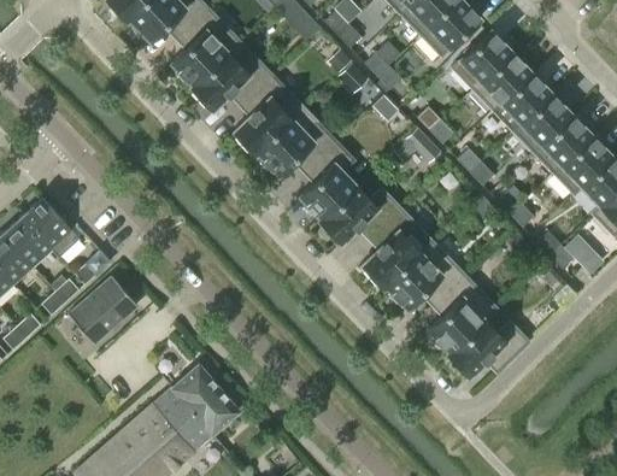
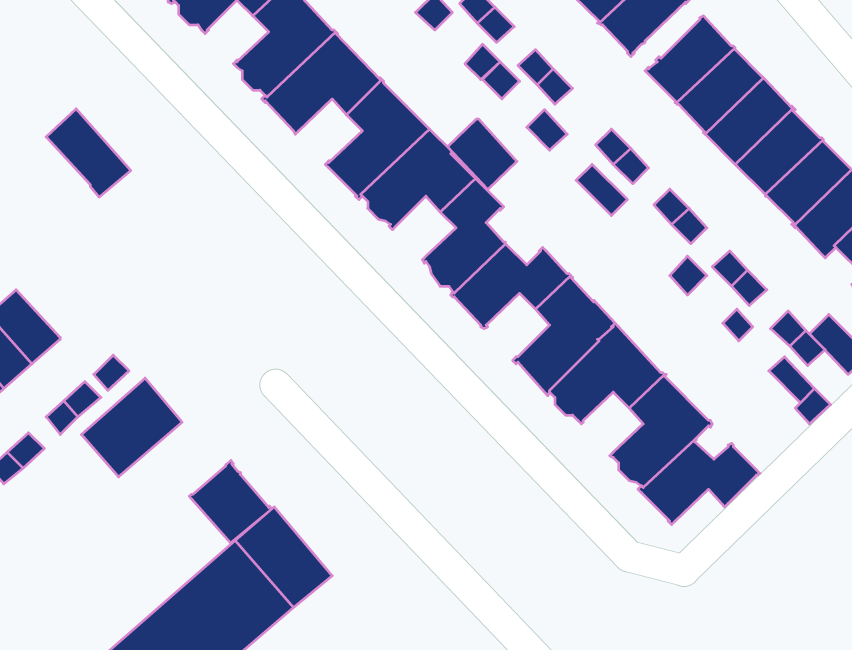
building: none -> [448,119,517,189]
building: [22,196,80,257] -> [46,109,131,197]
building: none -> [189,460,272,543]

